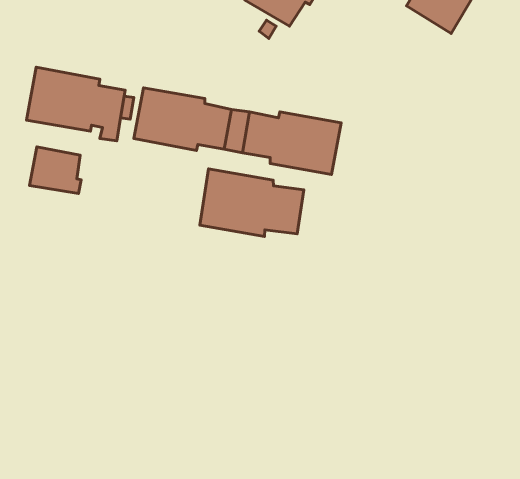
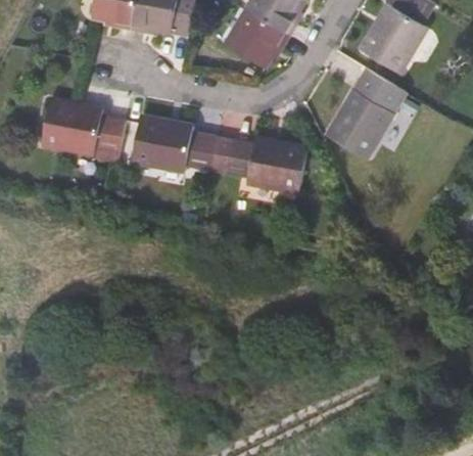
building: none -> [328,72,404,158]
building: [29,147,81,193] -> none
building: [200,169,304,236] -> none

